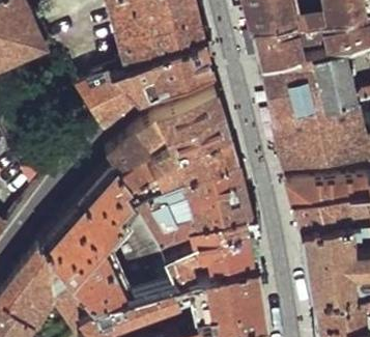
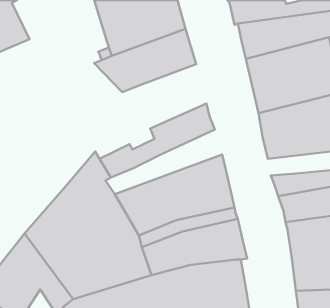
building: [79,75,138,129] -> none
building: [109,92,222,170] -> none
building: [121,141,237,205] -> none

